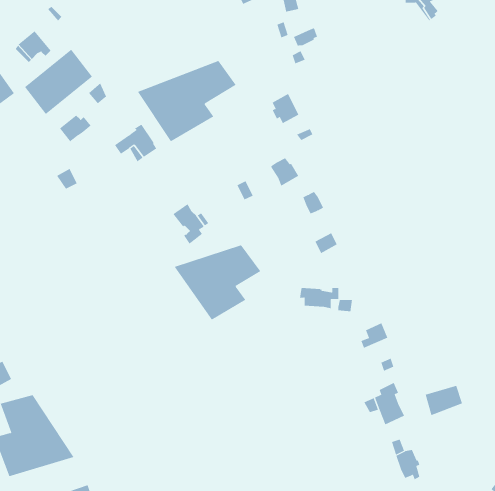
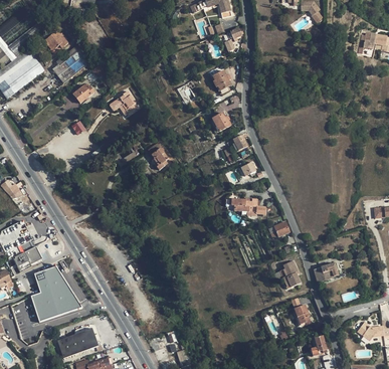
building: [137,60,236,142] -> none
building: [174,244,261,321] -> none

